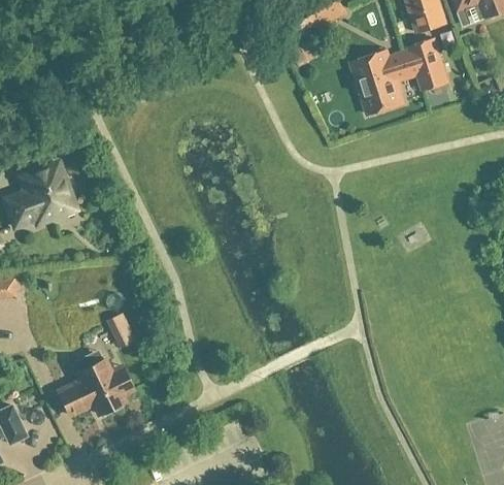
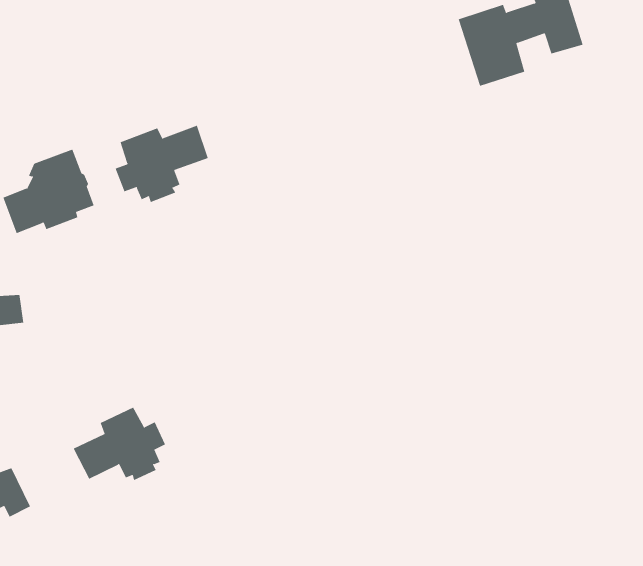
building: none -> [115,125,209,203]
building: [110,306,135,344] -> none

